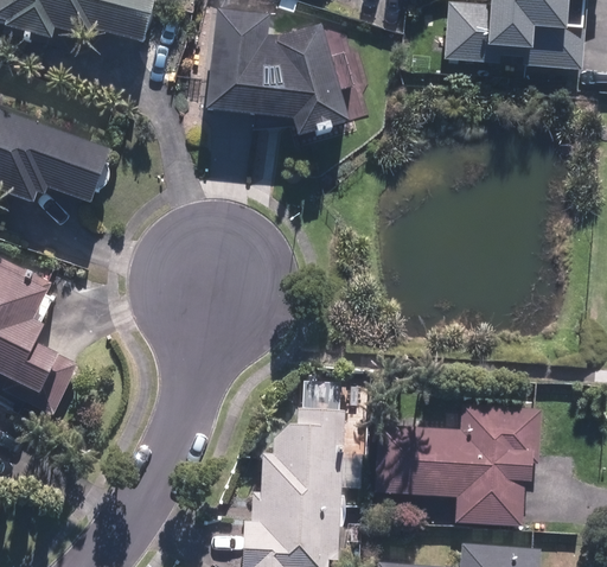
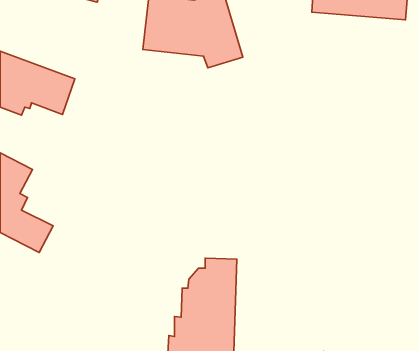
building: [376,403,541,520] -> none

